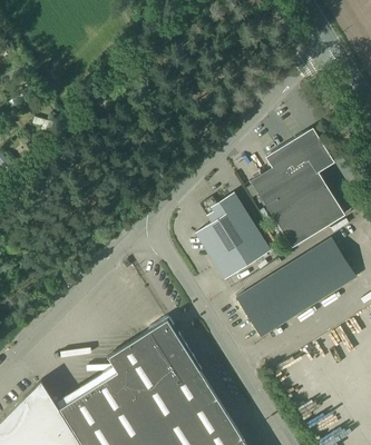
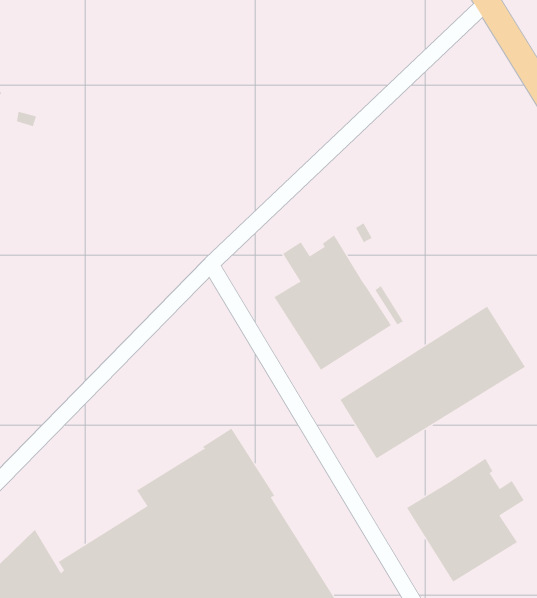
building: [253,135,345,247] -> none
building: none -> [406,458,524,582]

